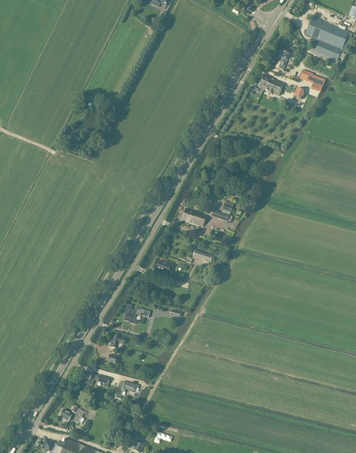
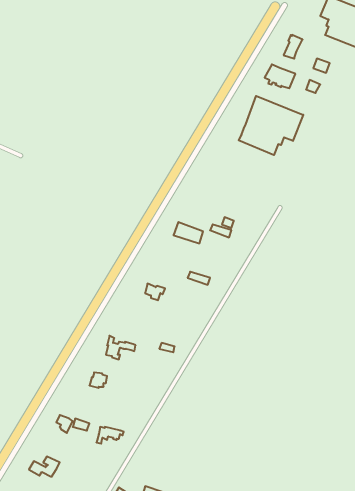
building: none -> [239,96,303,155]

